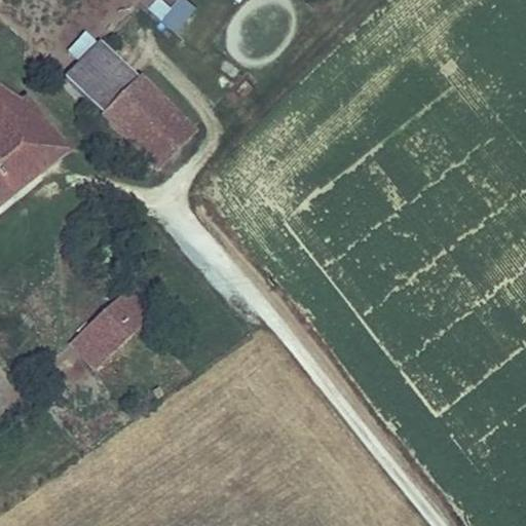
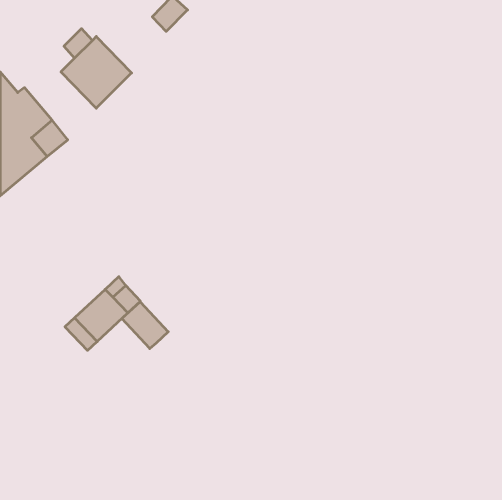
building: [99,74,196,172] -> none
building: none -> [122,302,168,349]

